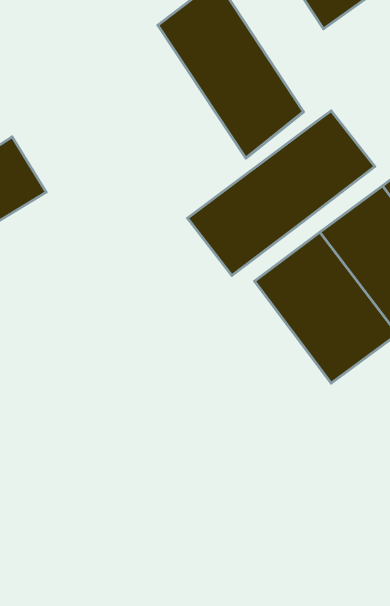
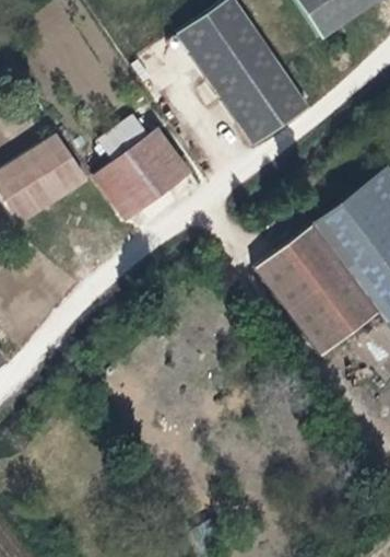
building: [188,111,375,275] -> none
building: none -> [87,134,182,225]

